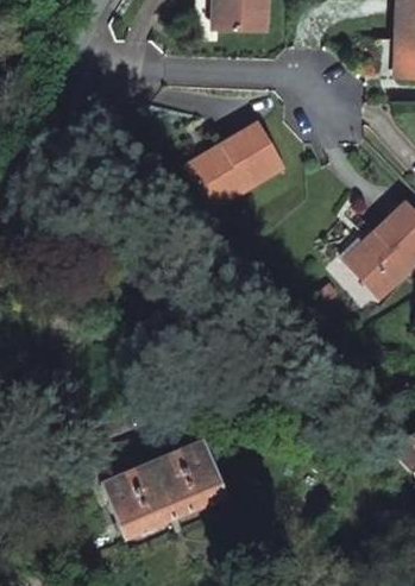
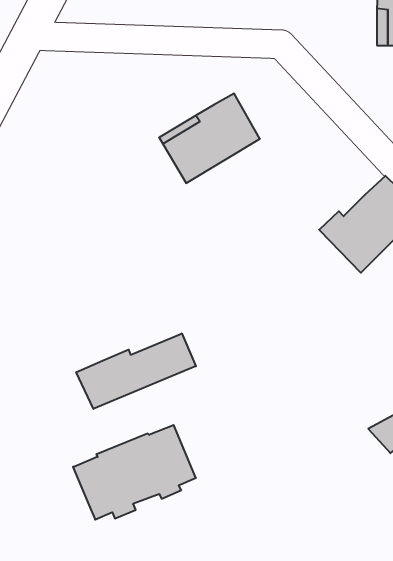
building: none -> [76,333,196,409]

